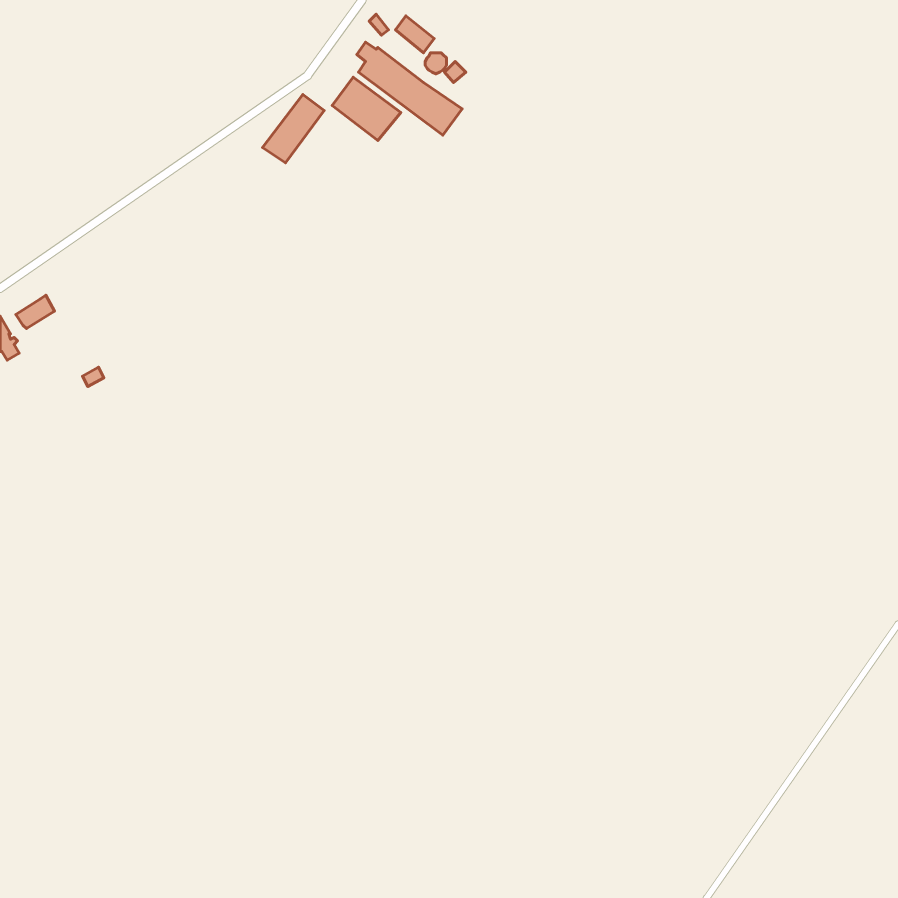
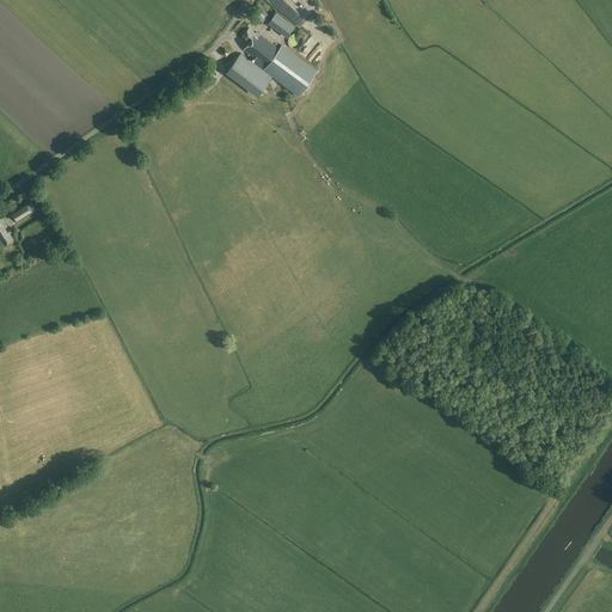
building: [262,94,324,163] -> none

